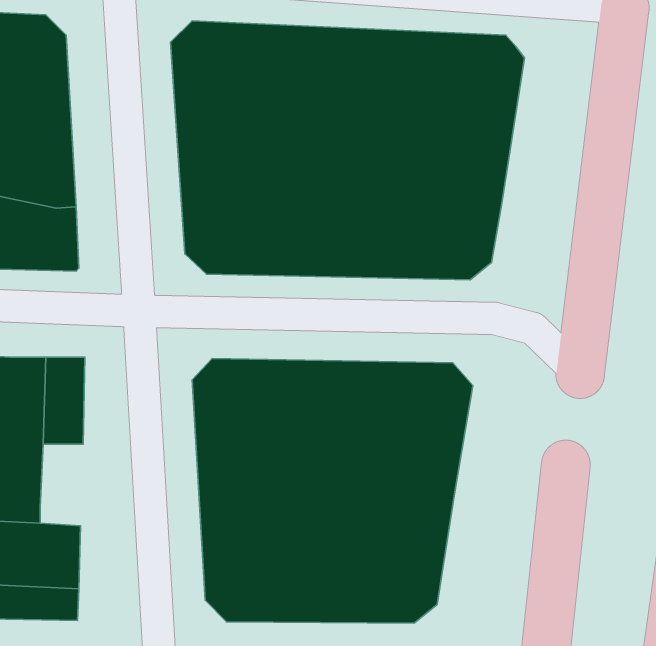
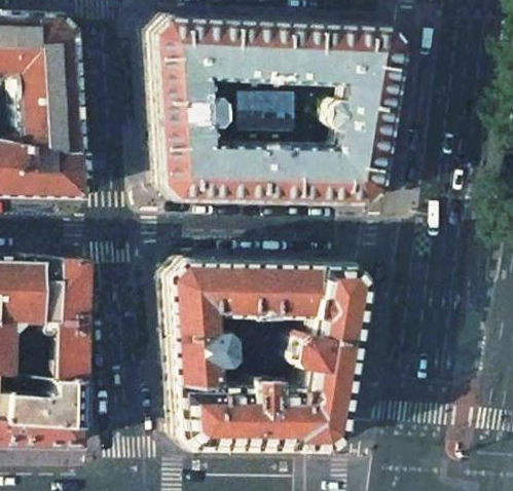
building: none -> [56,323,86,381]

